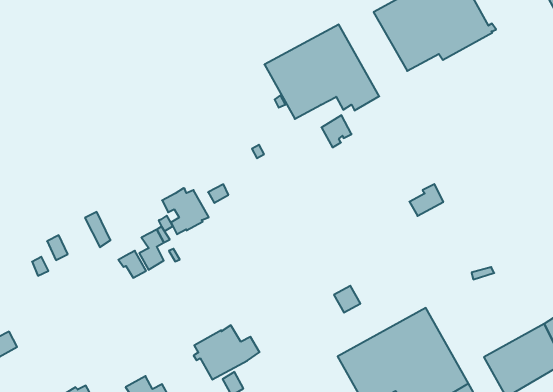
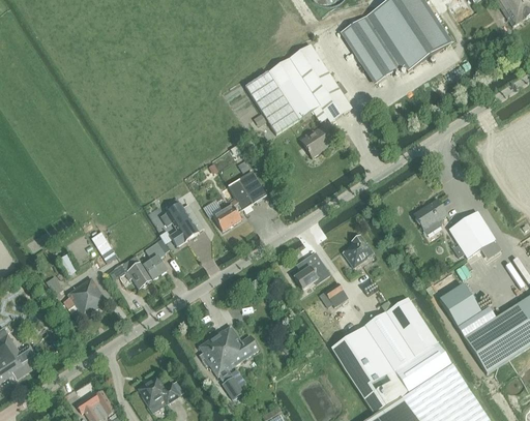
building: none -> [212,171,267,230]
building: [409,184,443,216] -> [416,199,447,229]
building: none -> [449,210,495,257]
building: none -> [343,234,374,266]
building: none -> [294,252,329,289]
building: none -> [62,277,107,322]
building: none -> [439,282,481,326]

